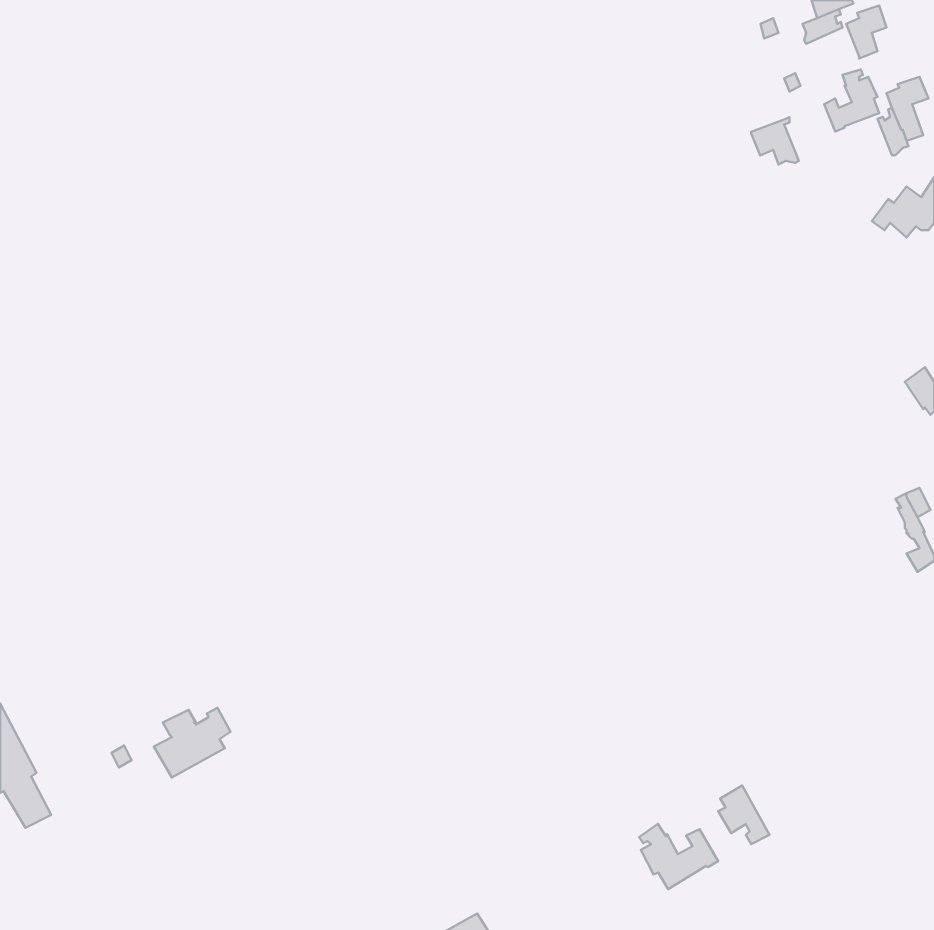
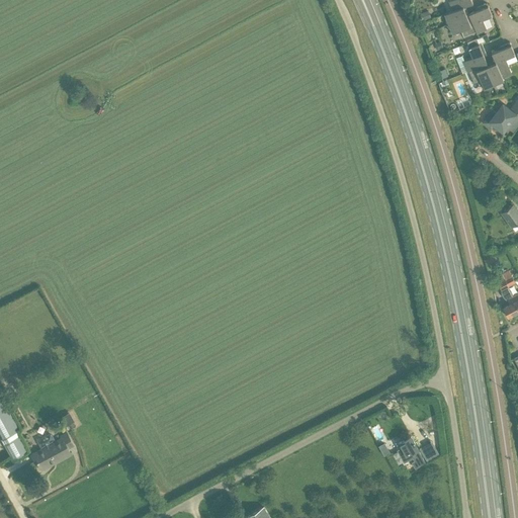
building: none -> [446,12,476,38]
building: [751,117,799,165] -> [467,64,494,90]
building: [154,708,230,777] -> [32,433,75,471]
building: [639,824,718,889] -> none

